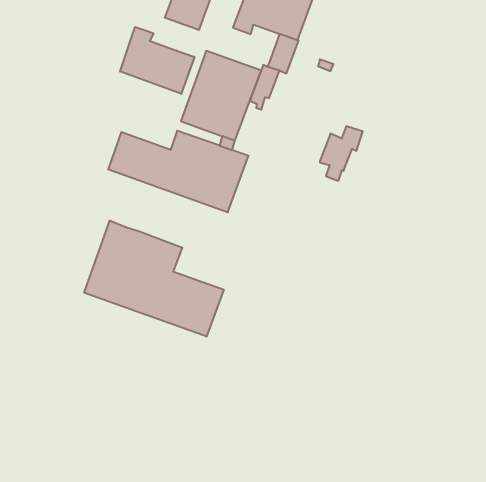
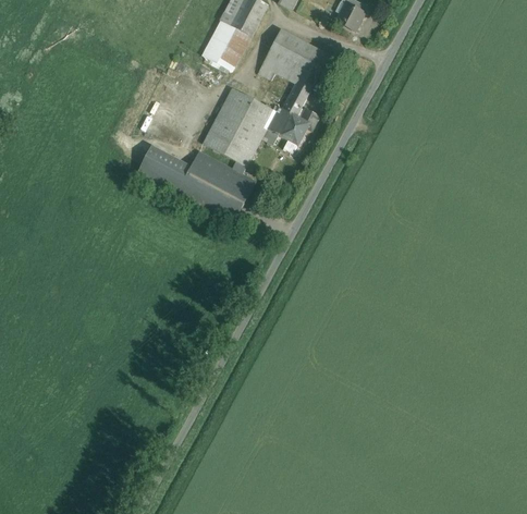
building: [120,27,194,94] -> none
building: [320,126,363,181] -> [280,108,319,152]
building: [84,221,224,337] -> none

